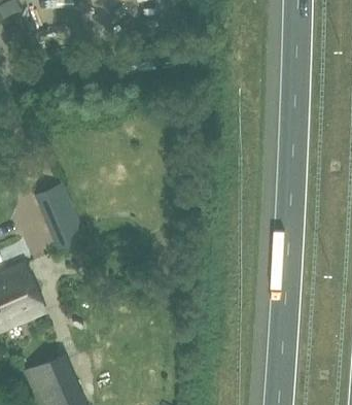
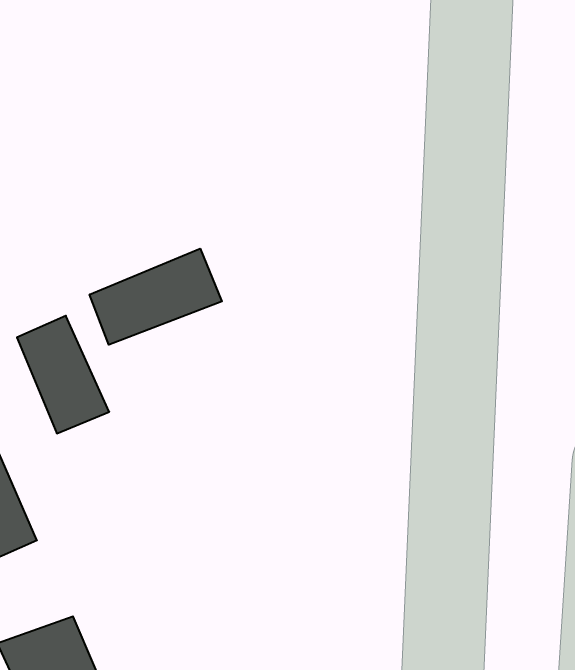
building: none -> [90,249,222,345]

